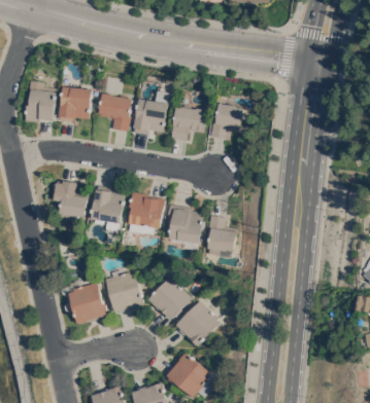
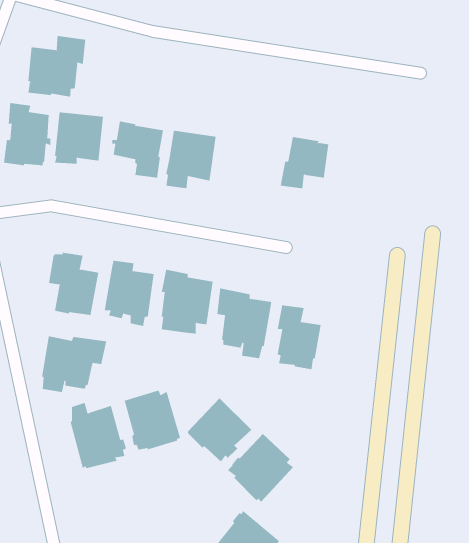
building: none -> [28,35,86,97]
building: [170,106,206,141] -> none
building: none -> [41,336,107,393]

